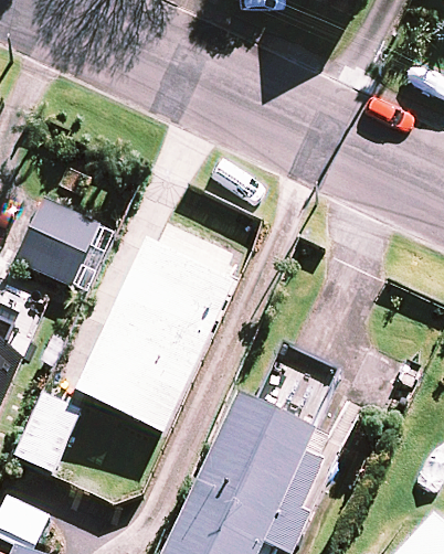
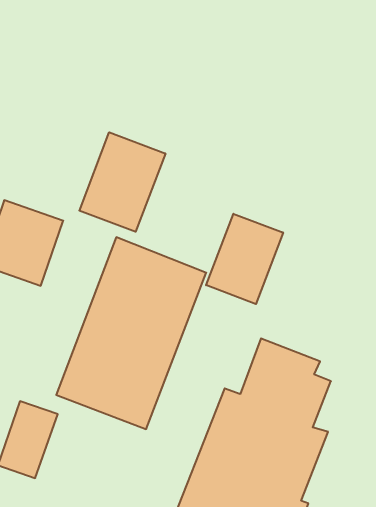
building: none -> [79,132,165,232]
building: none -> [206,214,283,304]

